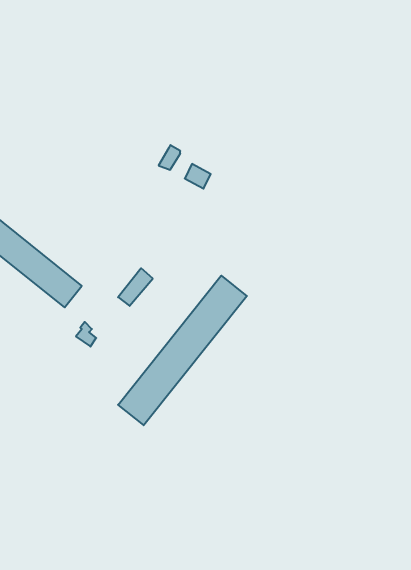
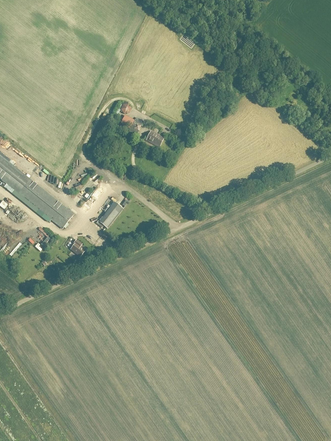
building: [118,276,247,425] -> none

